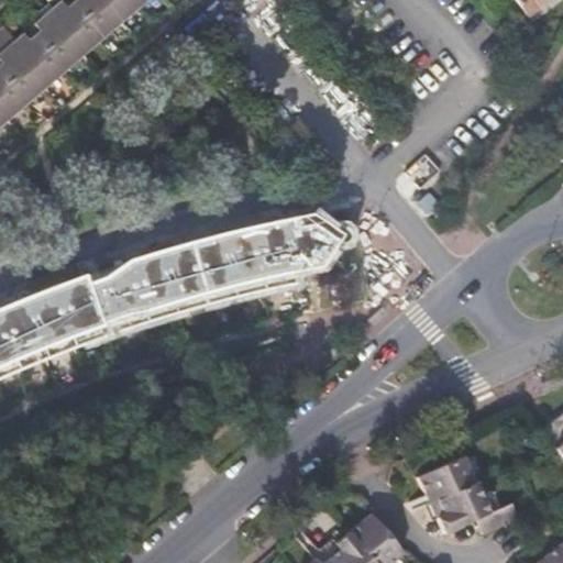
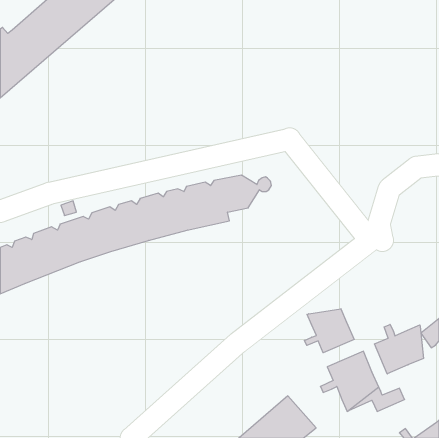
building: none -> [304,309,354,353]
building: none -> [374,324,424,374]

